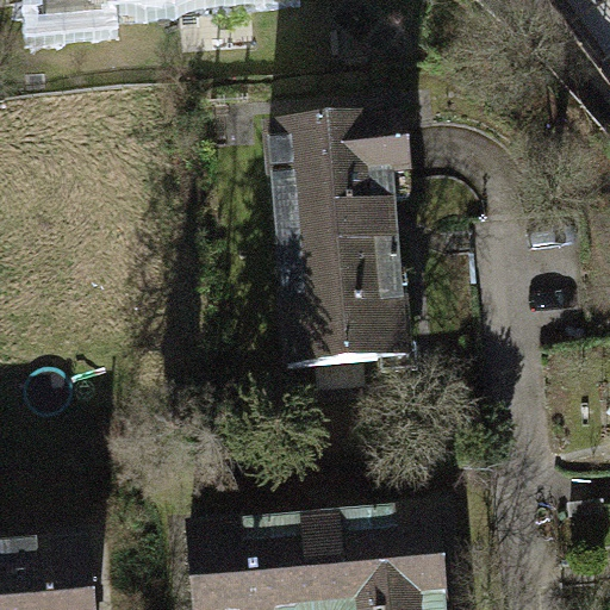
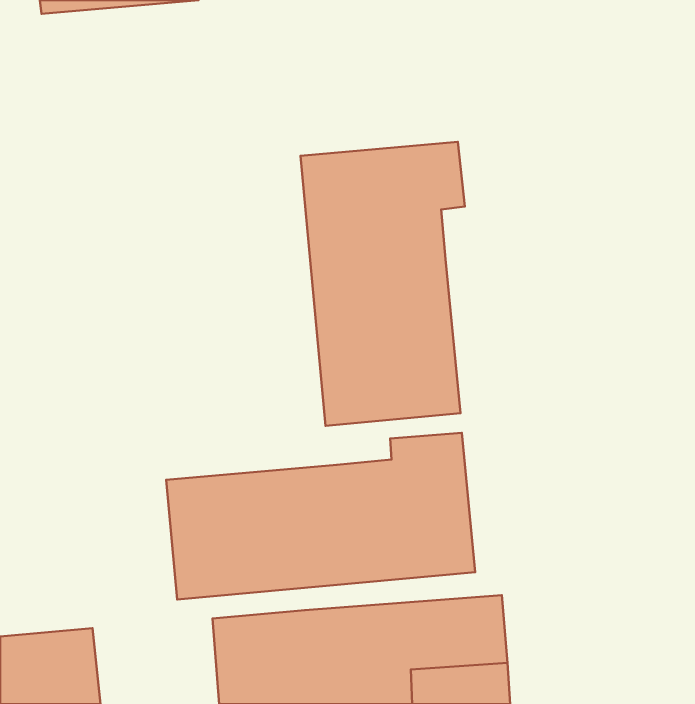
building: none -> [166,433,475,600]

